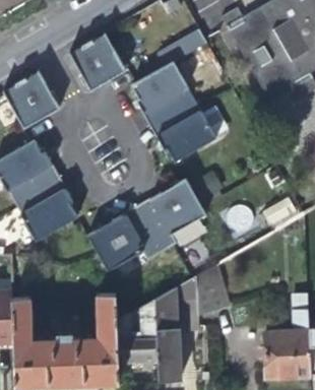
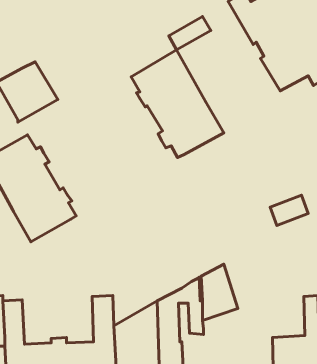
building: [70,35,127,89] -> none
building: [87,180,205,270] -> none

